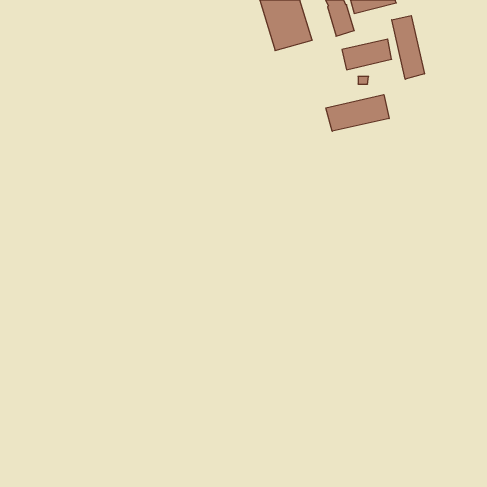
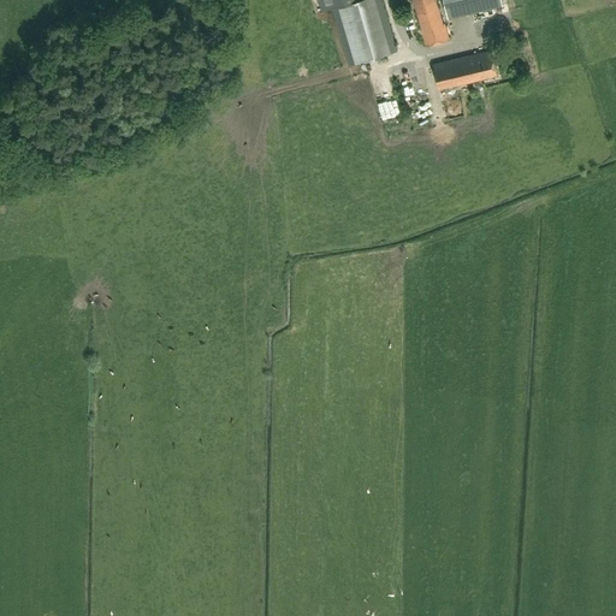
building: [392,16,424,79] -> none
building: [326,95,389,131] -> none

